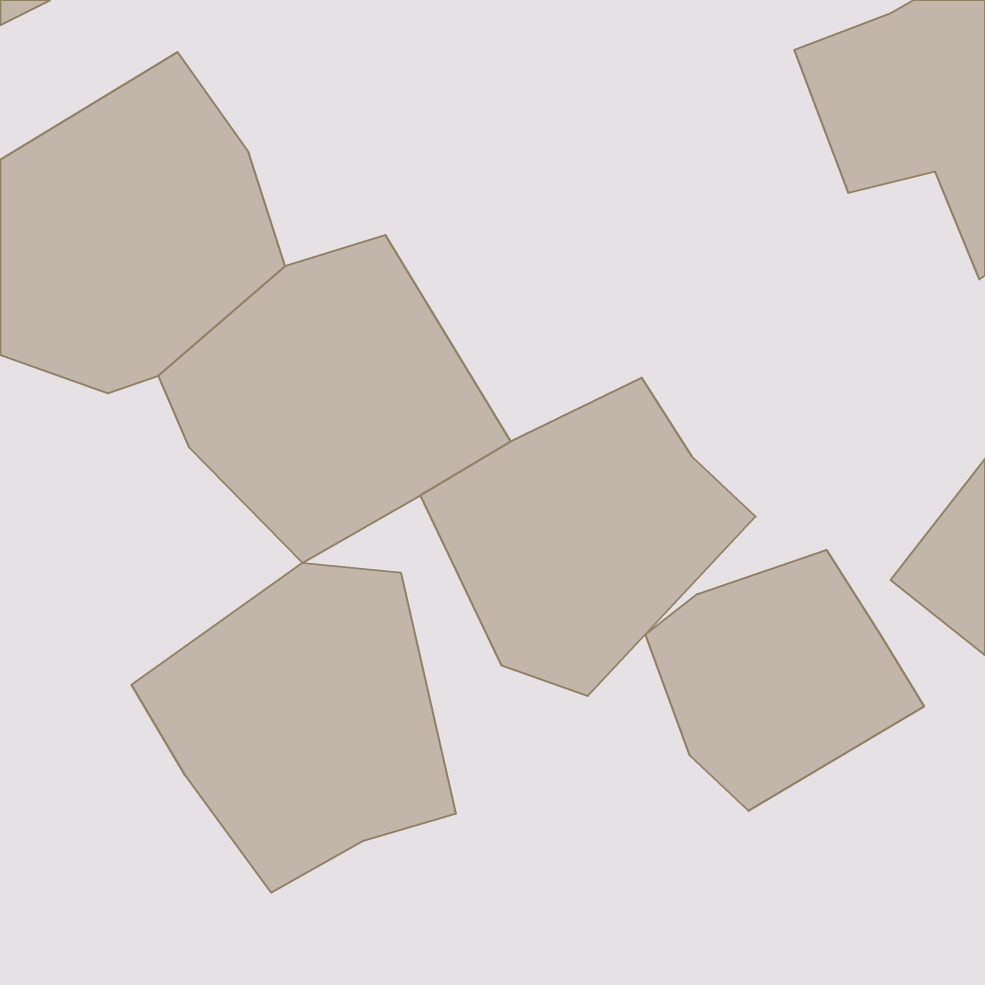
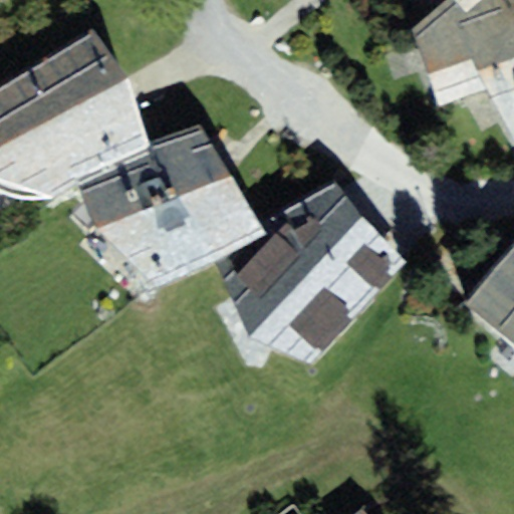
building: [645,550,924,811] -> none
building: [131,563,456,893] -> none

